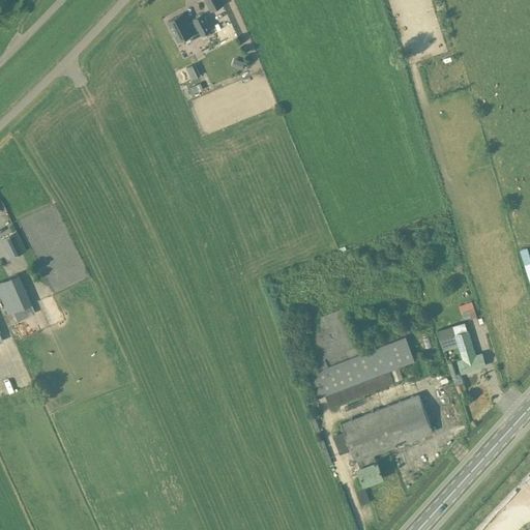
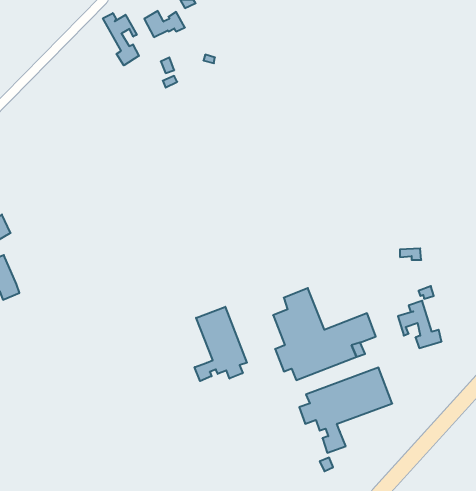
building: none -> [103,13,139,65]
building: none -> [195,307,247,381]

